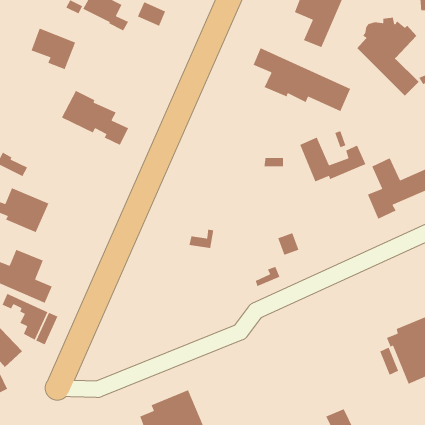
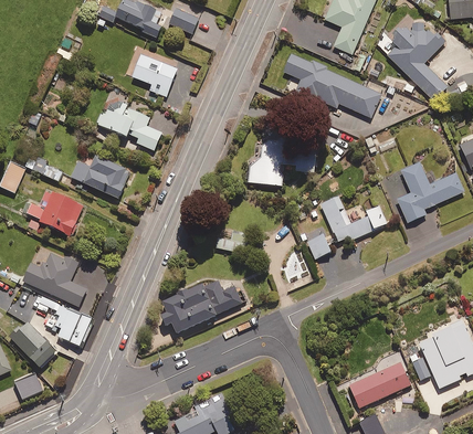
building: [30,27,76,70] -> [133,54,178,96]
building: none -> [248,140,286,186]
building: [299,137,366,183] -> [322,197,388,242]
building: none -> [71,156,125,199]
building: none -> [162,279,243,335]
building: none -> [348,359,409,404]

